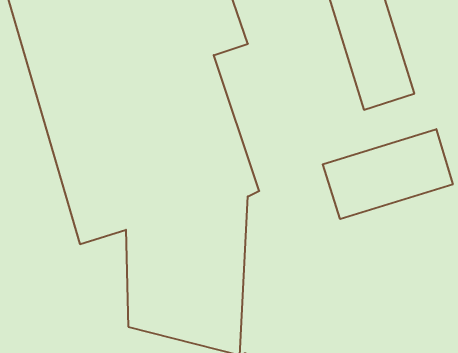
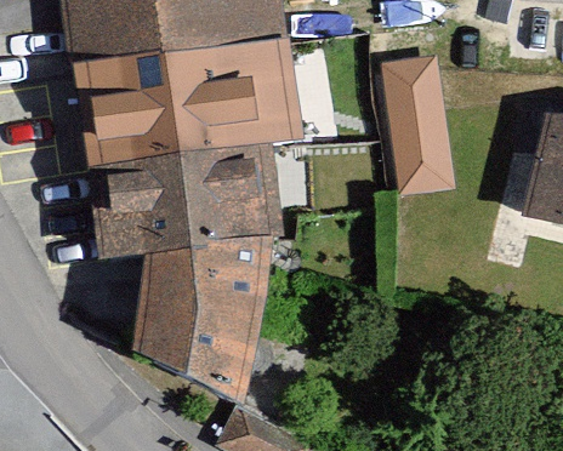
building: [323,129,453,219] -> none

